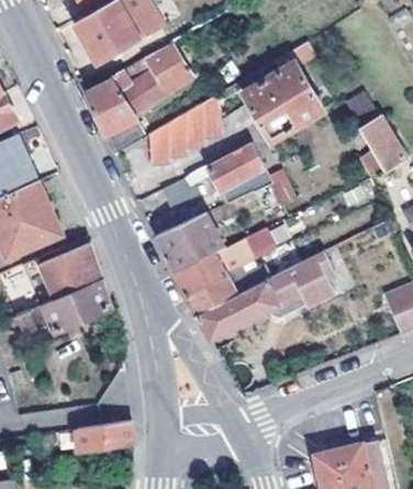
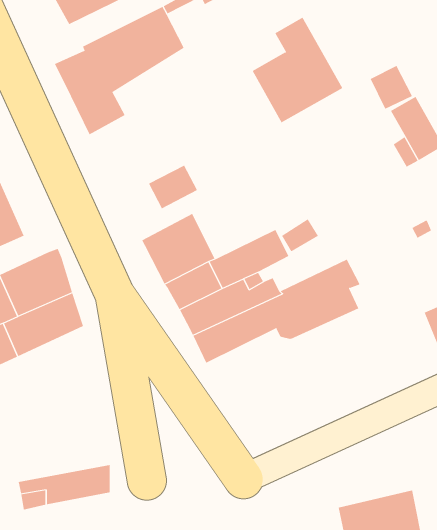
building: [147,95,223,168] -> none
building: [208,142,270,200] -> none

